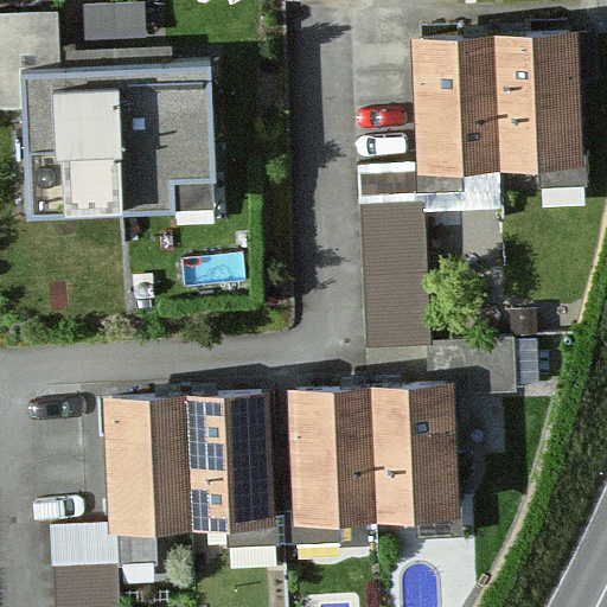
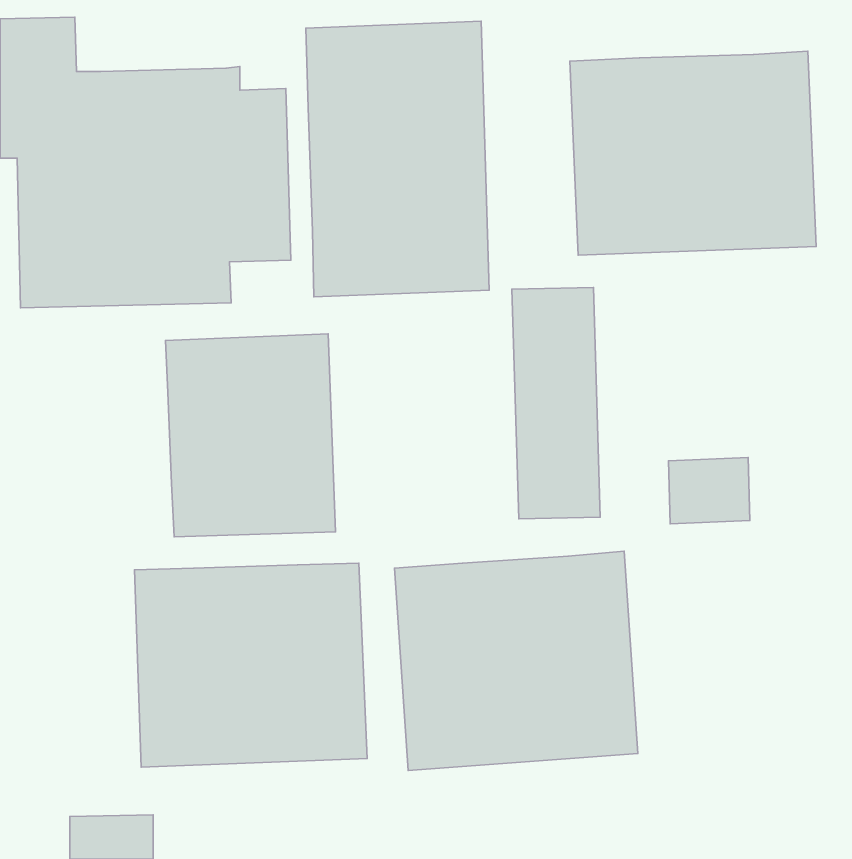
building: none -> [306,21,489,297]
building: none -> [165,334,335,537]

